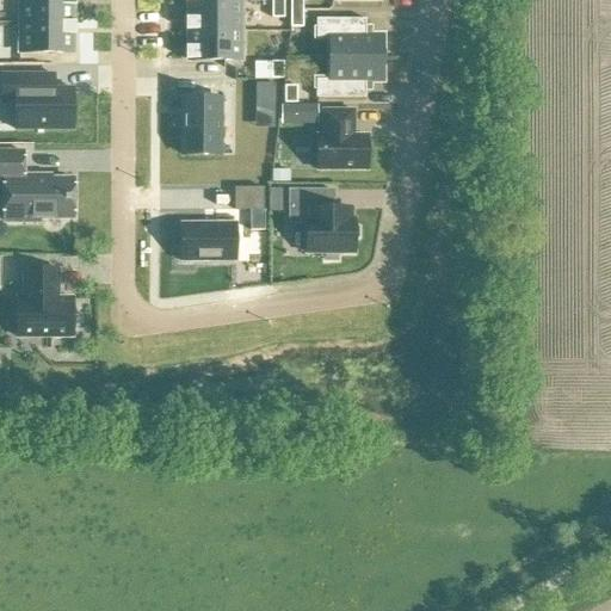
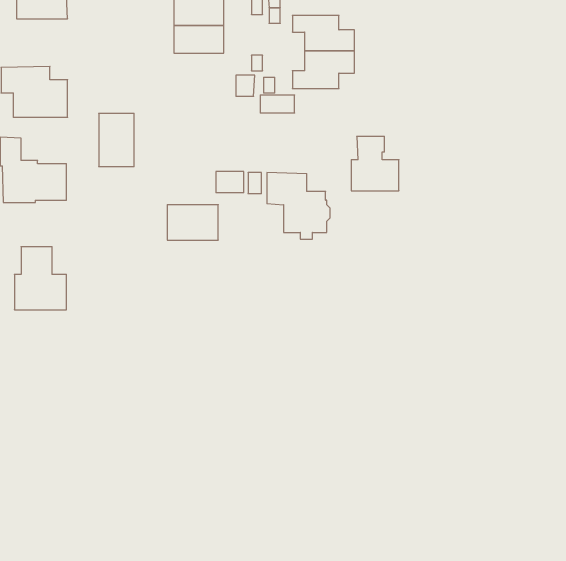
building: [18,20,73,50] -> none
building: [181,95,220,153] -> [99,113,134,167]
building: [319,107,370,166] -> [351,136,399,191]

